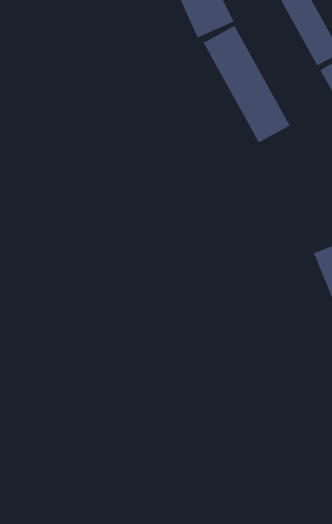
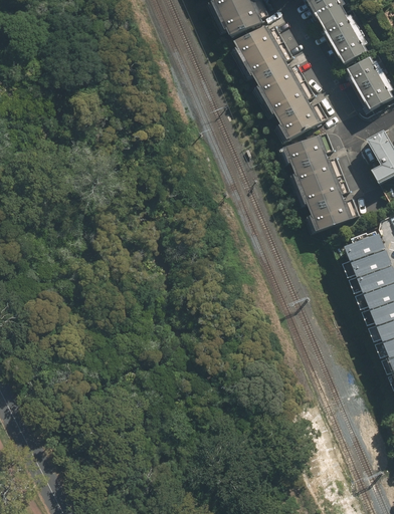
building: none -> [283,134,353,232]

